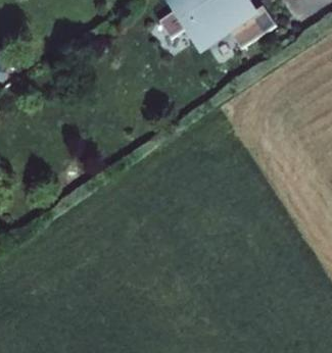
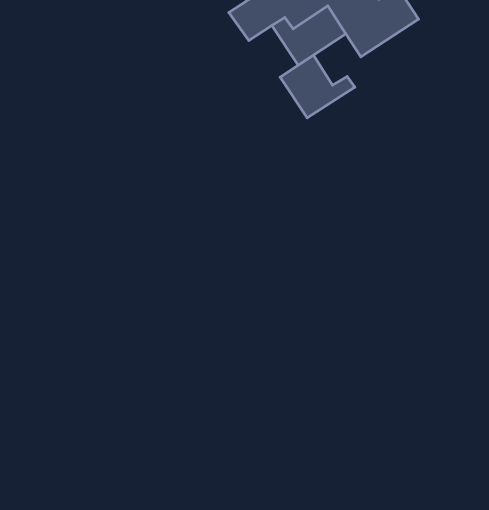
building: none -> [280,55,355,118]

